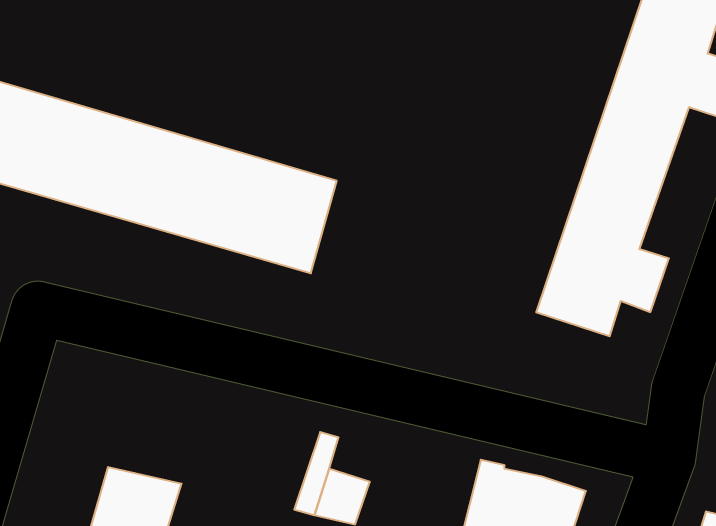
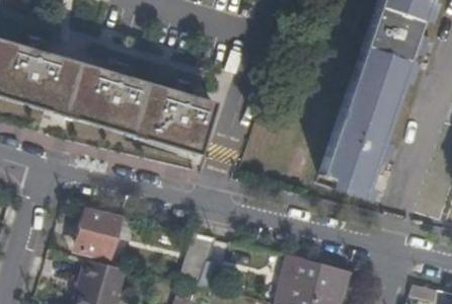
building: none -> [81,206,122,255]

